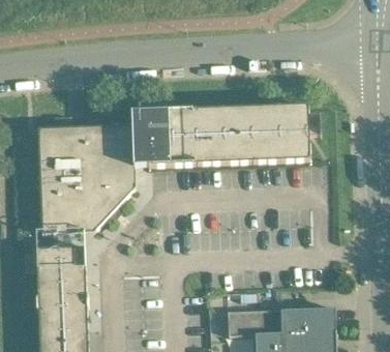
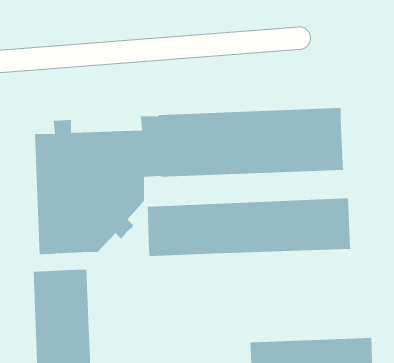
building: none -> [147,198,351,257]

